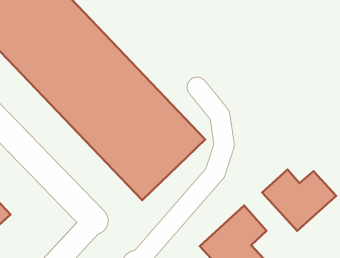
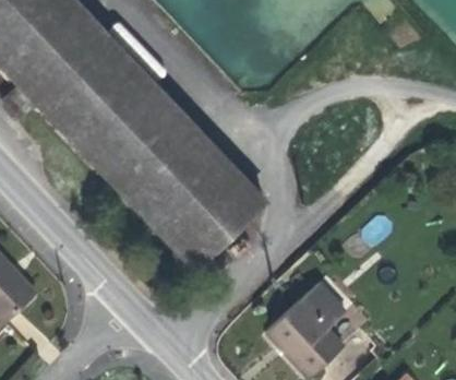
building: [262,169,336,231] -> none

